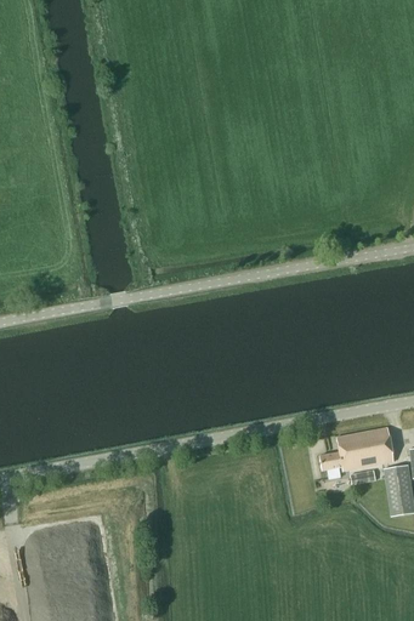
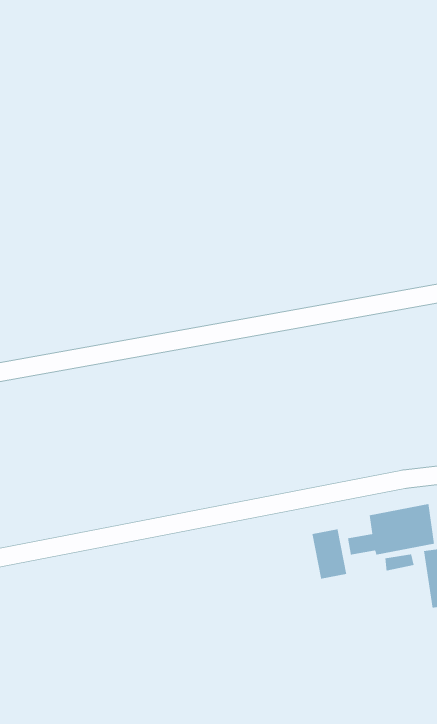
building: none -> [312,528,347,580]

